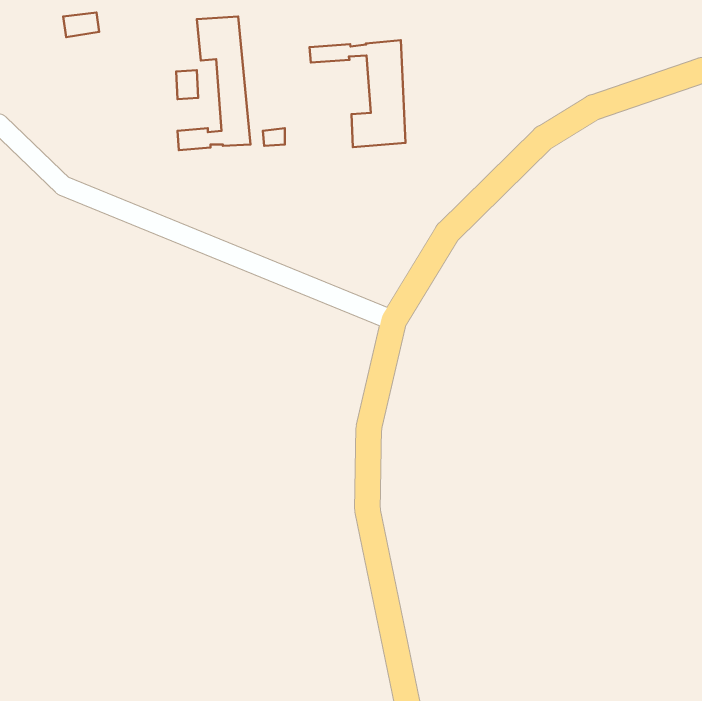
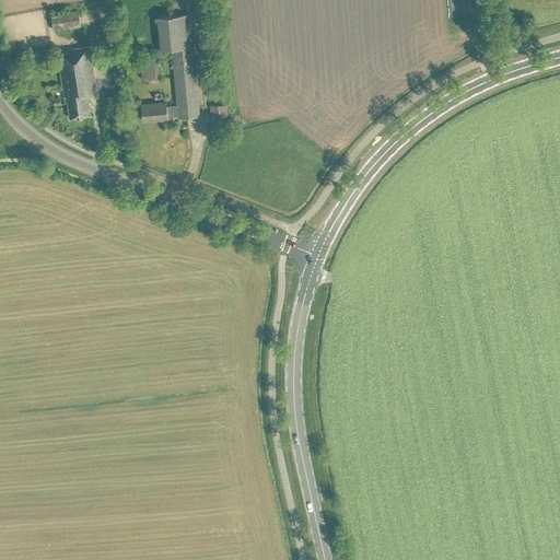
building: [310,40,406,147] -> none
building: none -> [52,48,96,119]

